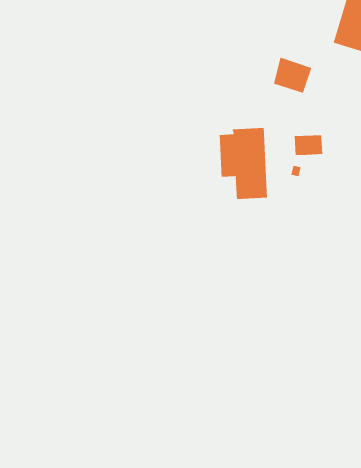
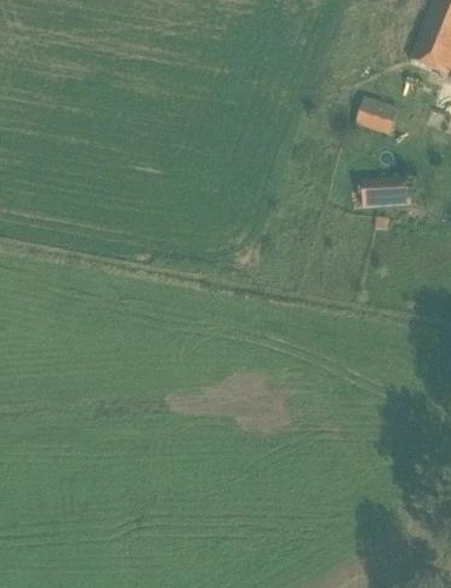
building: [219,127,267,200] -> none

